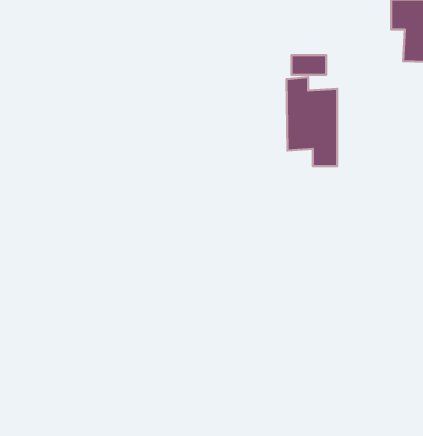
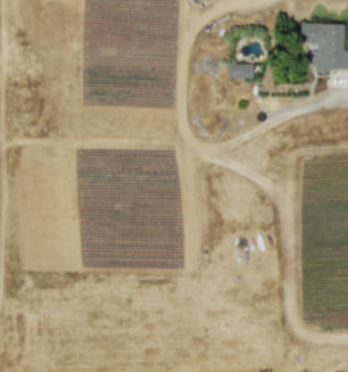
building: [286,77,337,166] -> none

